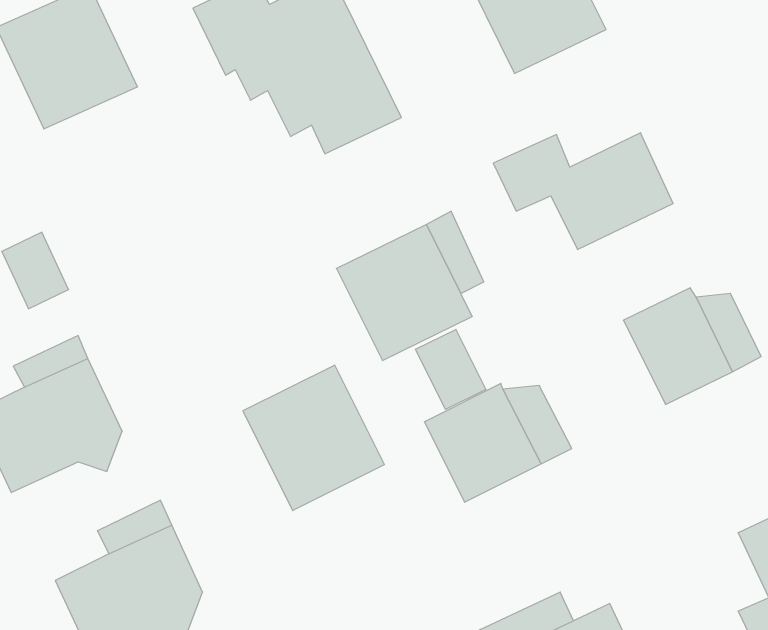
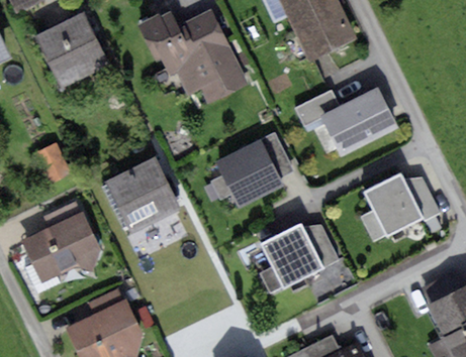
building: [416,329,486,409] -> none
building: [243,365,384,511] -> [105,157,180,234]

